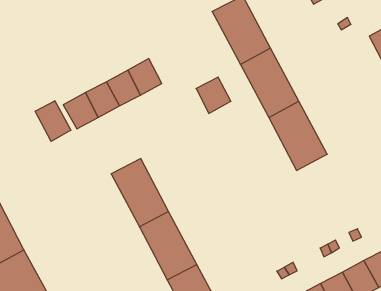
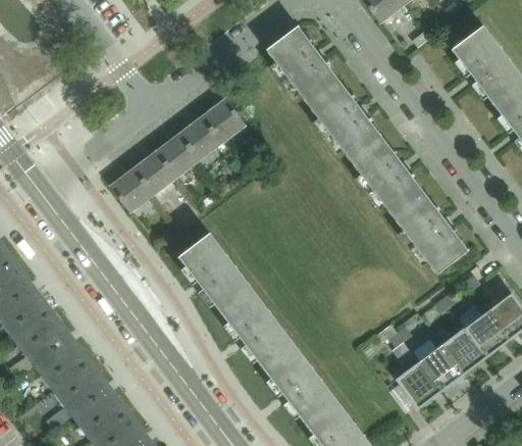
building: [196,77,231,113] -> [201,98,244,142]
building: [35,101,71,141] -> none
building: none -> [393,193,468,274]

